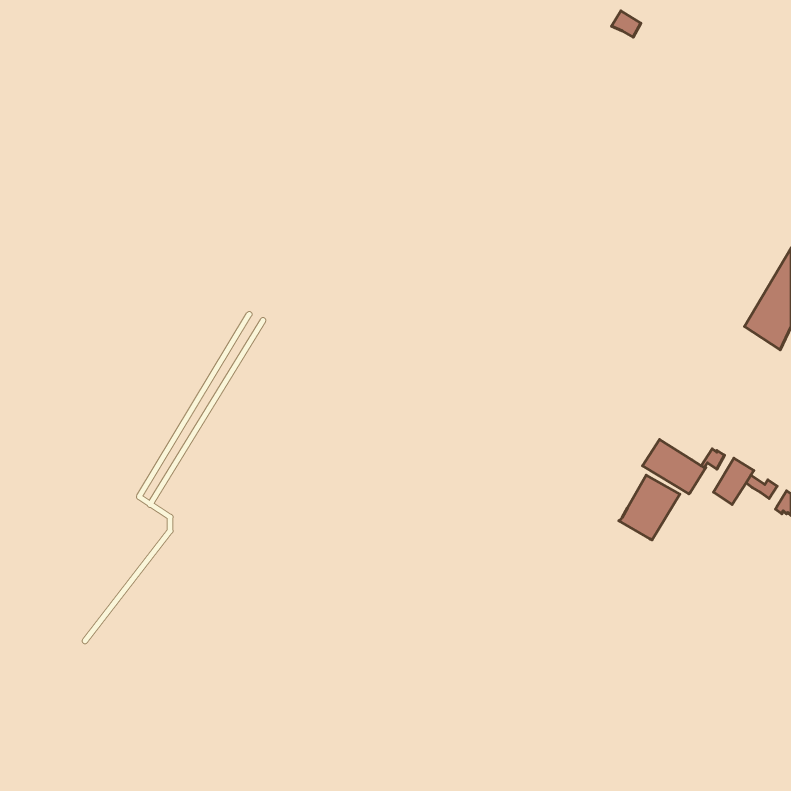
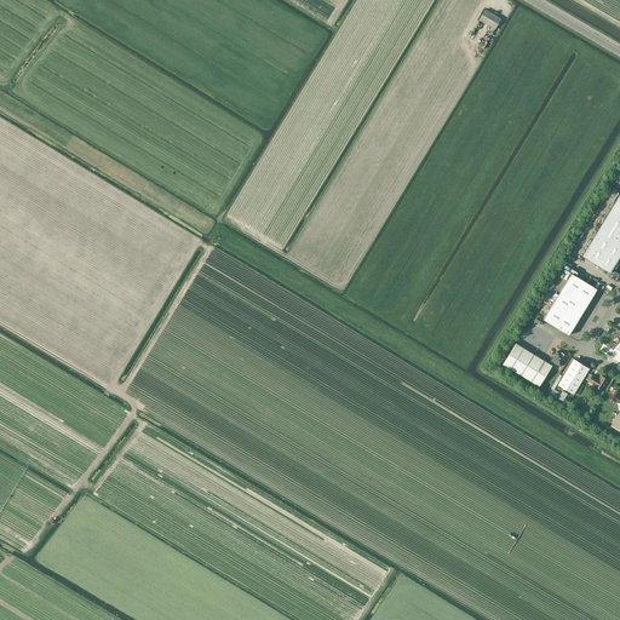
building: none -> [542,274,597,335]
building: [619,475,680,540] -> none

